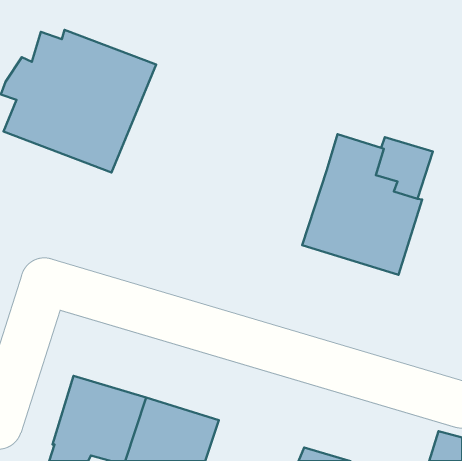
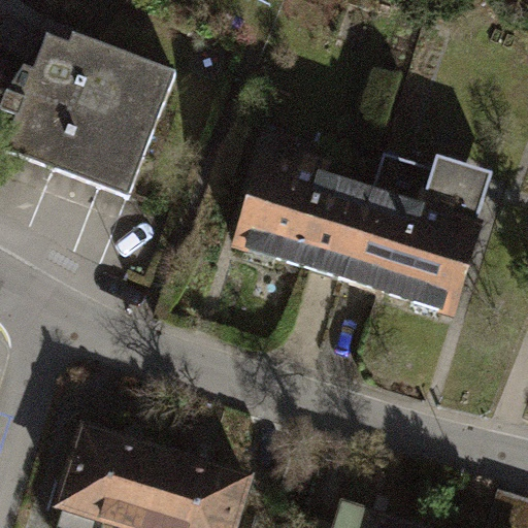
building: none -> [235,158,371,278]

